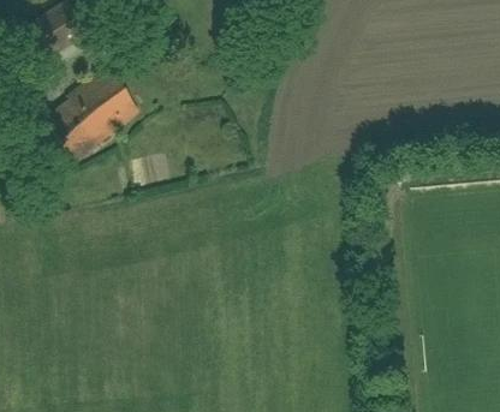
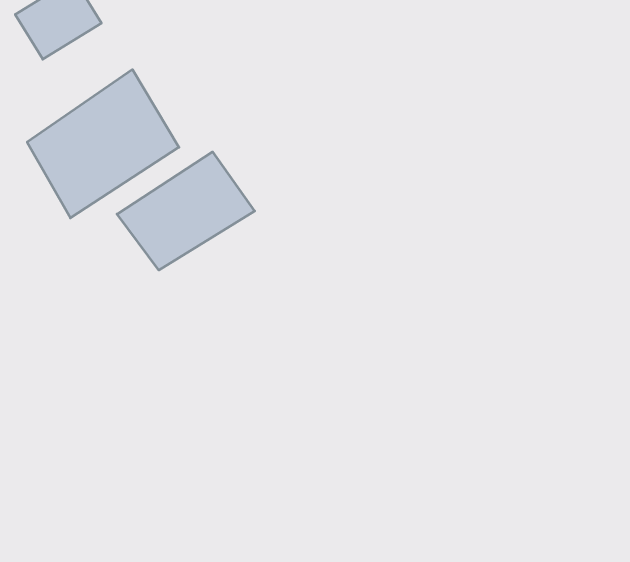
building: none -> [117,152,255,270]

